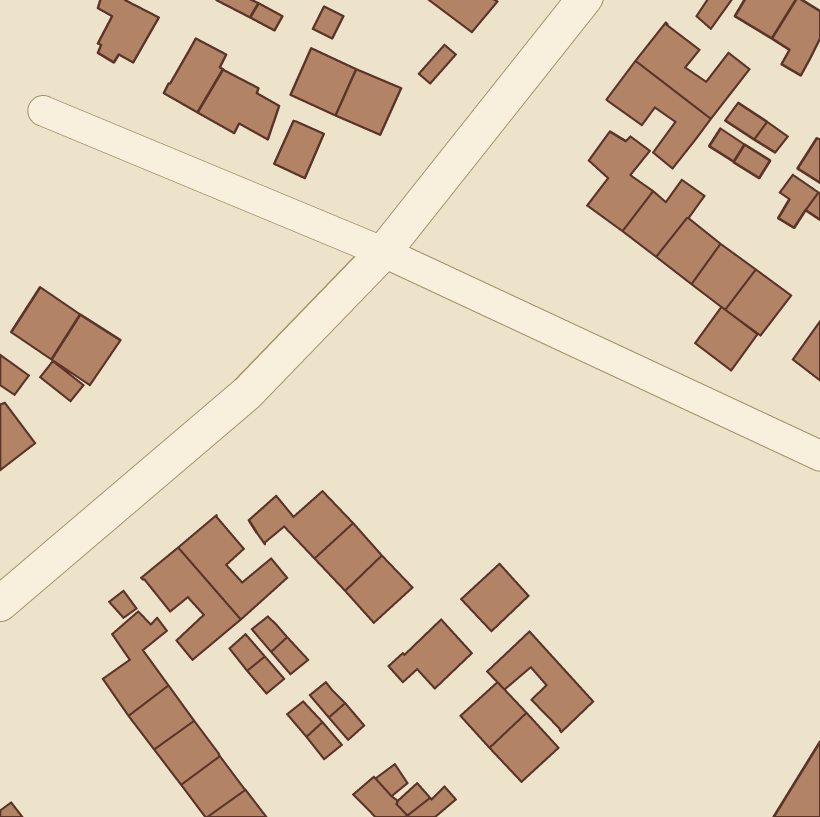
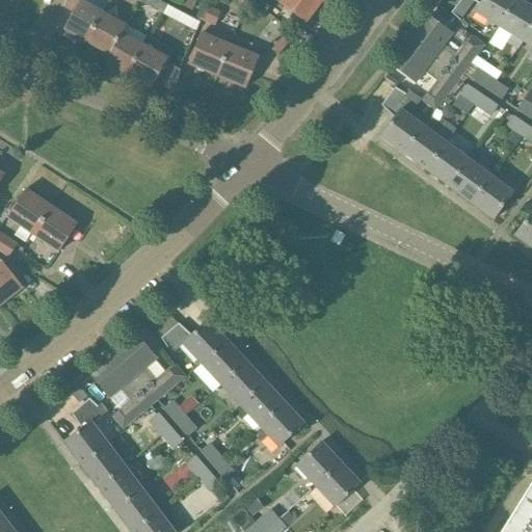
building: none -> [86,11,127,54]
building: [274,121,324,178] -> none
building: [695,307,757,370] -> none
building: [461,564,528,631] -> [242,380,286,424]
building: [487,632,593,732] -> none

